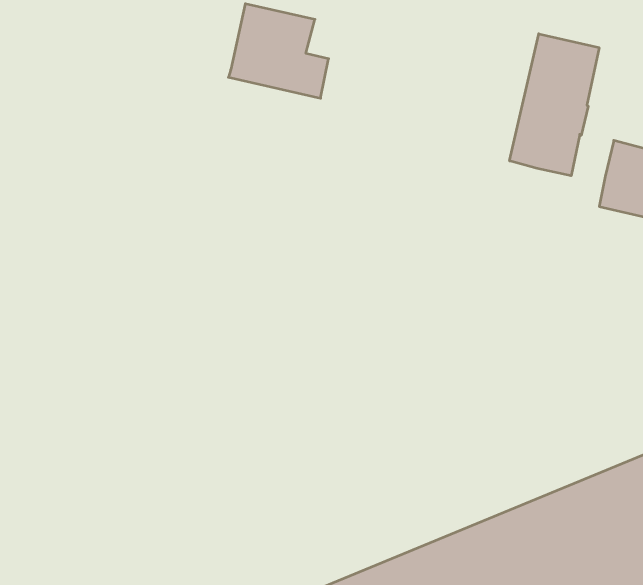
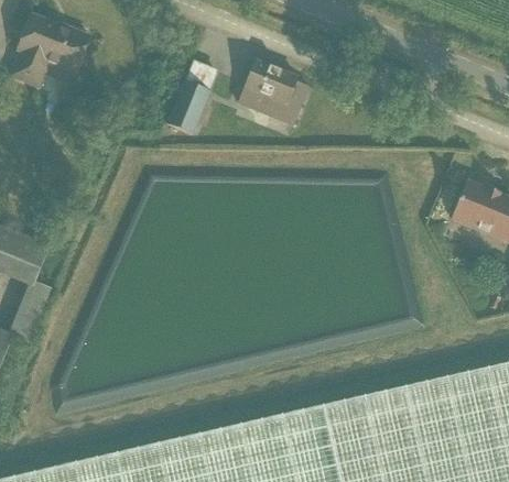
building: [510,34,599,176] -> none
building: none -> [166,83,209,136]

